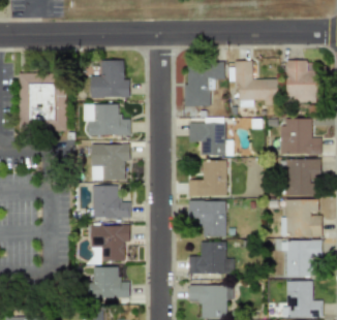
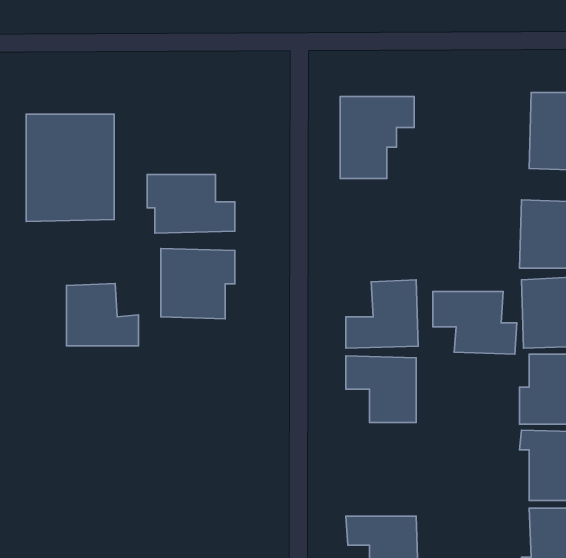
building: [91,60,130,98] -> none
building: [237,61,278,105] -> none
building: [189,123,234,156] -> [433,292,517,354]
building: [92,185,130,218] -> [66,284,139,346]
building: [91,225,130,261] -> none
building: [189,242,233,274] -> none
building: [89,266,130,297] -> none

